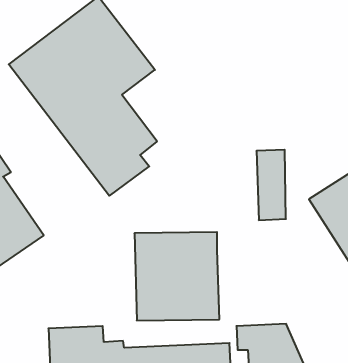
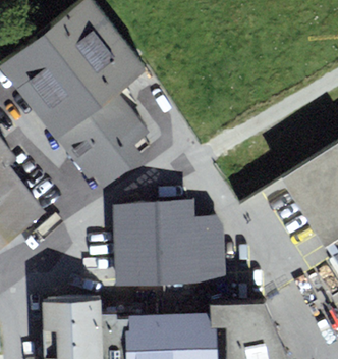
building: [256,150,286,220] -> [199,225,225,289]

